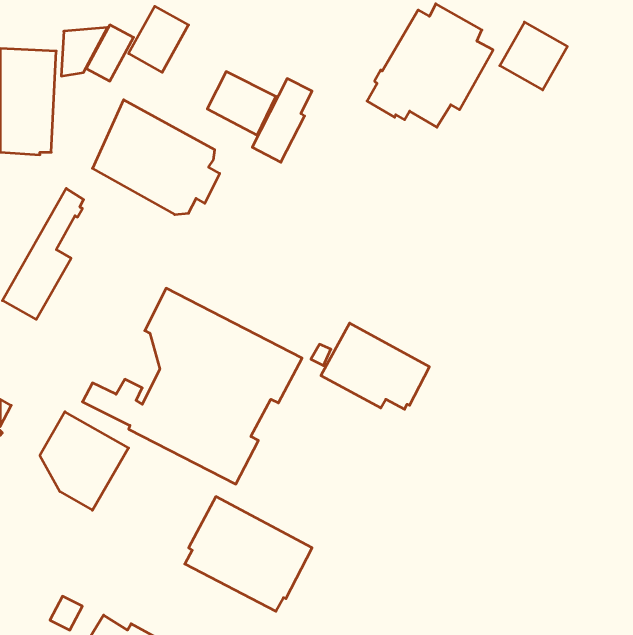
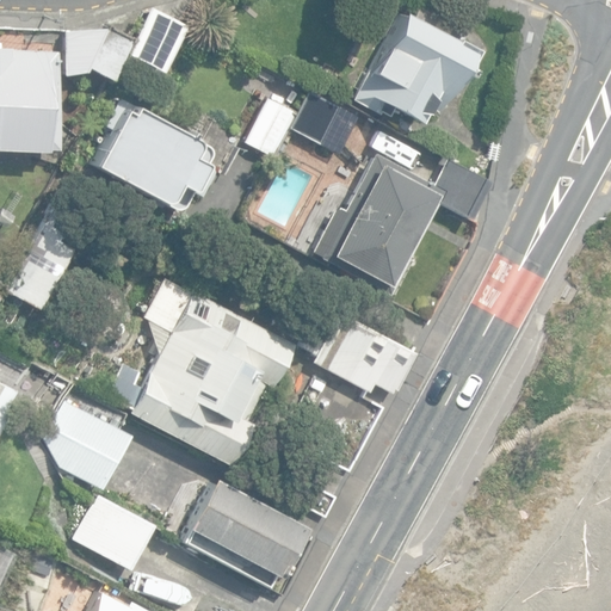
building: [500,22,567,90] -> none
building: [207,72,276,135] -> [292,93,358,154]
building: none -> [311,142,489,295]
building: none -> [74,493,155,569]

